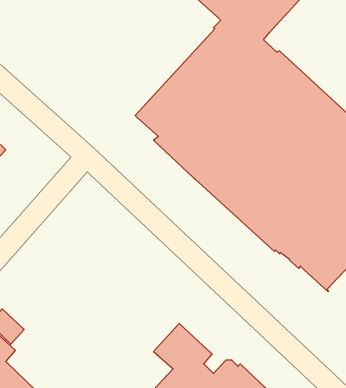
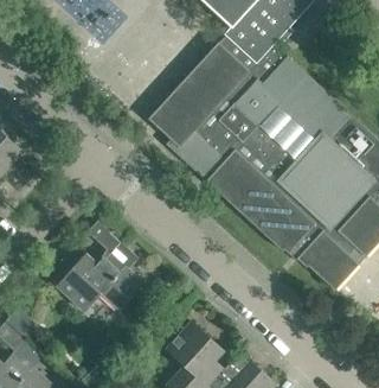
building: none -> [57,220,143,311]

